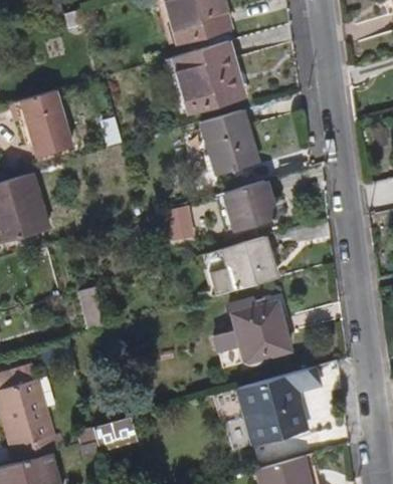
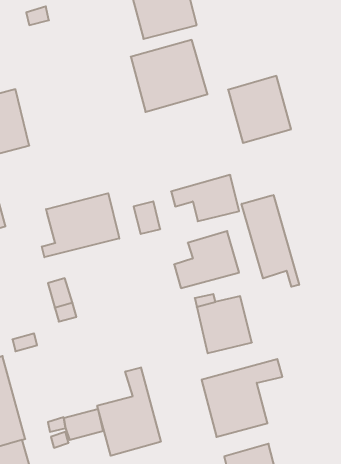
building: [192,111,256,180] -> [228,76,291,143]
building: none -> [42,193,119,257]
building: none -> [242,195,299,287]
building: none -> [97,367,161,456]

